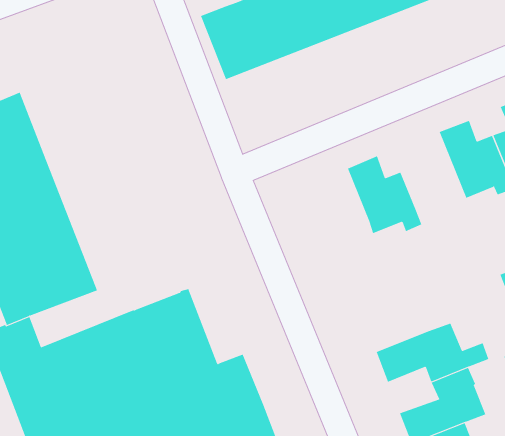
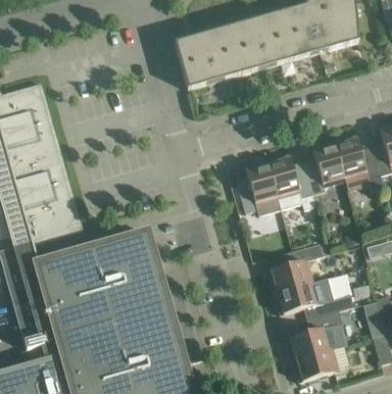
building: none -> [304,141,345,194]
building: none -> [237,160,280,214]
building: none -> [267,243,323,292]

